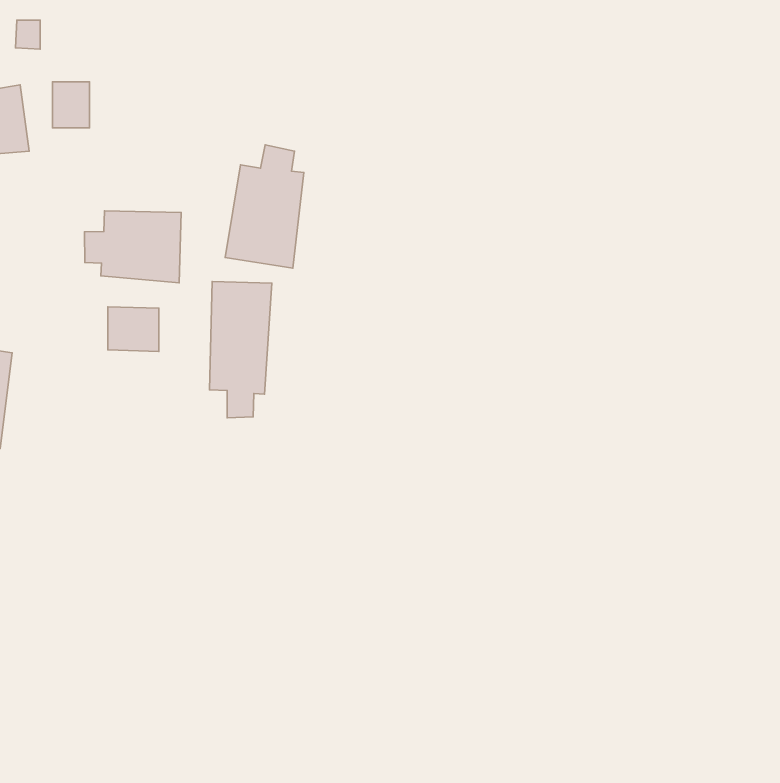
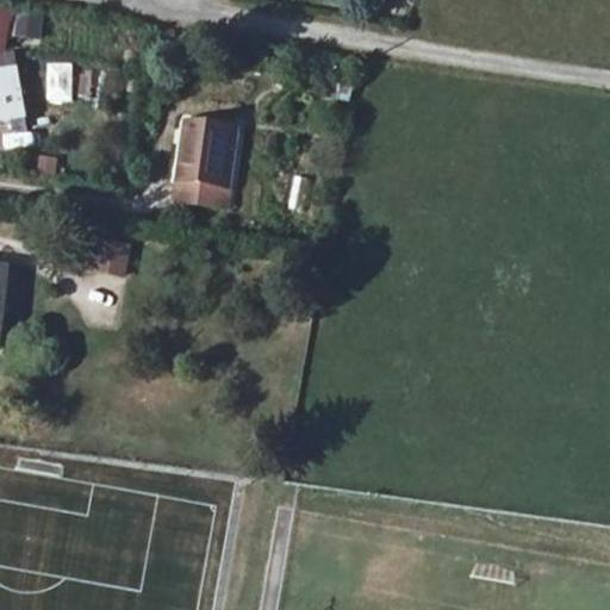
building: [85,211,181,283] -> none
building: [210,281,272,418] -> none

